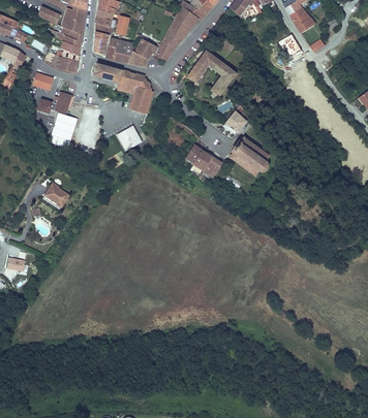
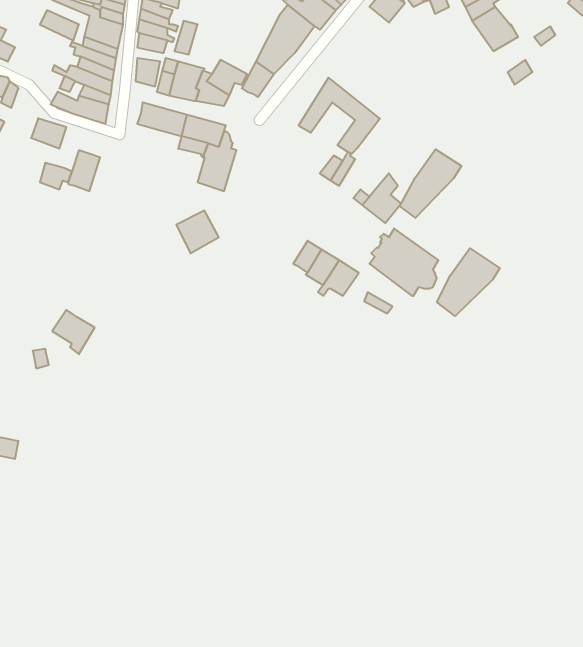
building: none -> [400,149,461,218]
building: [48,111,76,148] -> none
building: none -> [437,248,500,316]

